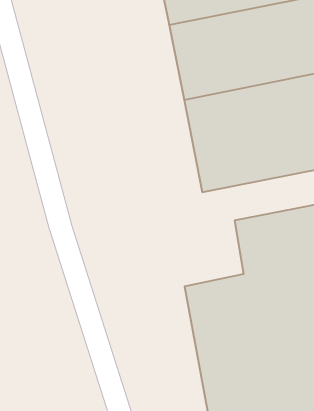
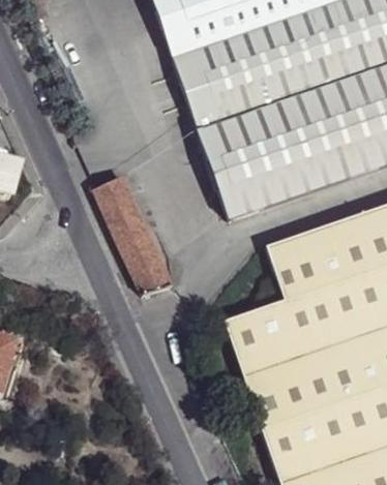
building: none -> [98,181,174,295]

